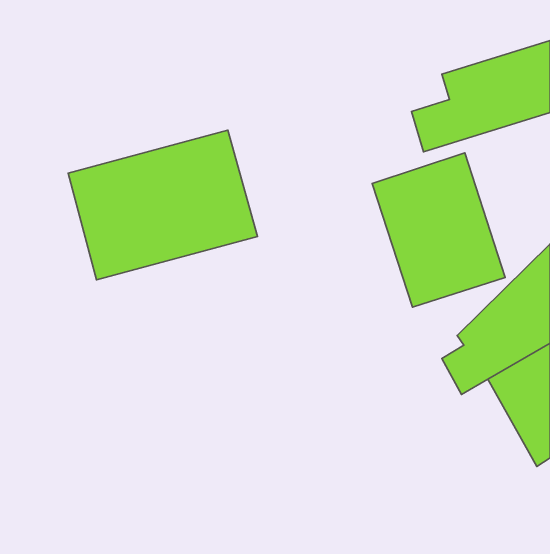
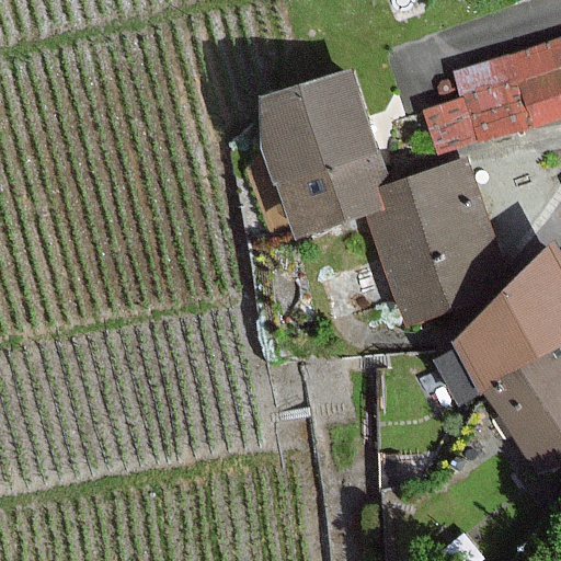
building: none -> [260,73,381,227]
building: [68,130,257,280] -> none

